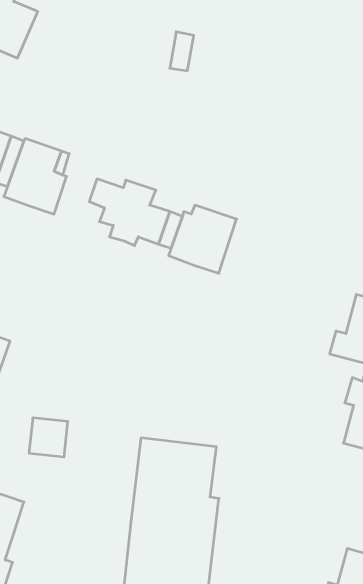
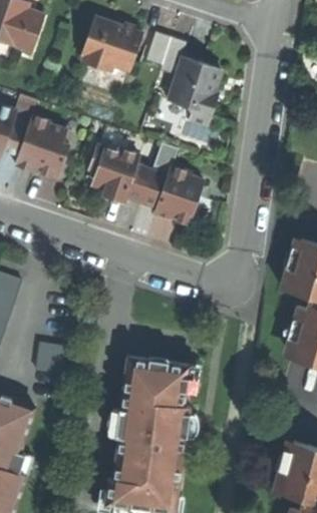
building: none -> [78,16,142,71]
building: none -> [167,58,225,127]

